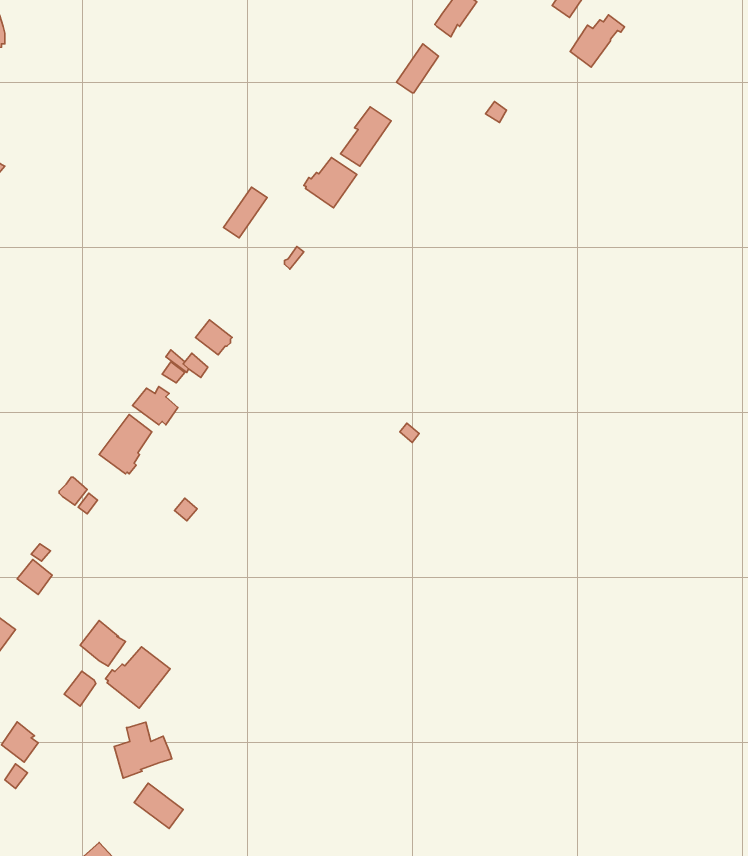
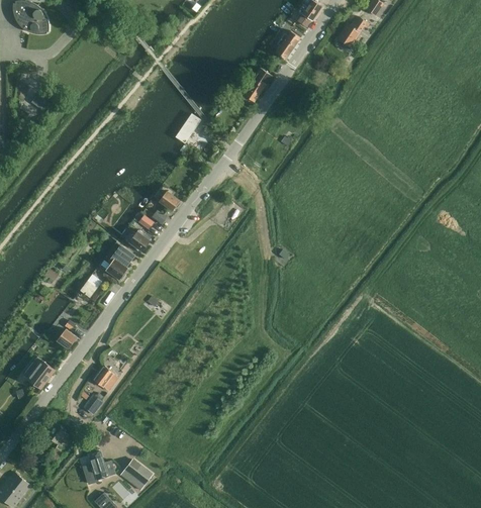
building: [570,15,624,67] -> [336,17,368,47]
building: [304,158,357,208] -> none
building: [106,647,170,708] -> none
building: [114,722,172,778] -> [82,452,115,485]

